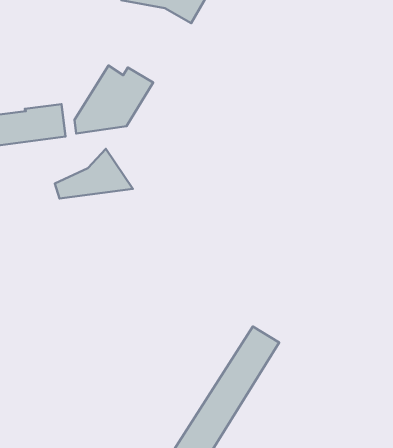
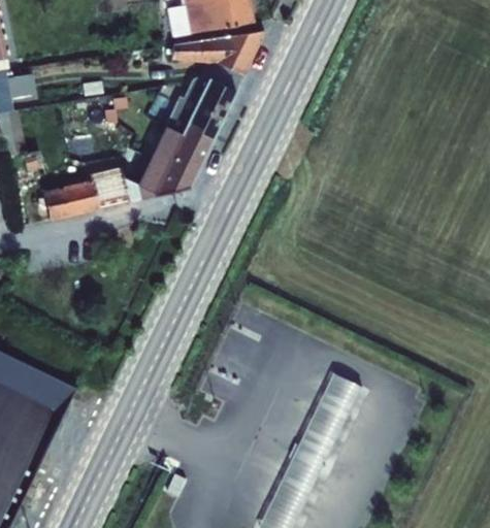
building: none -> [165,76,234,138]
building: [55,149,133,198] -> none

